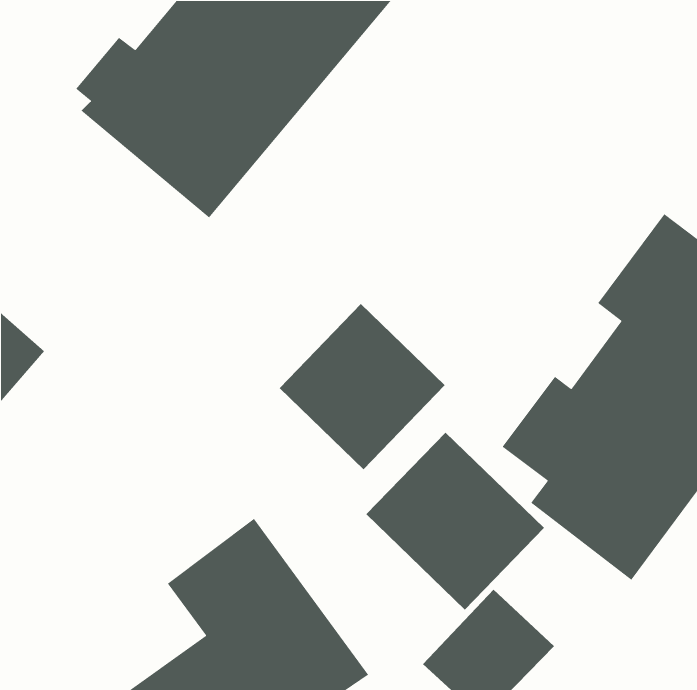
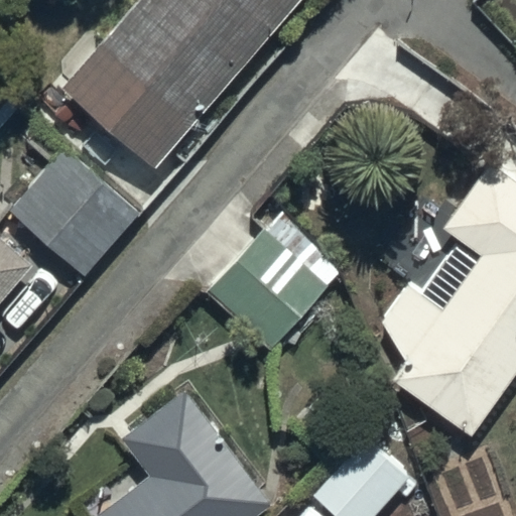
building: none -> [9,148,139,276]
building: [366,432,545,610] -> none

